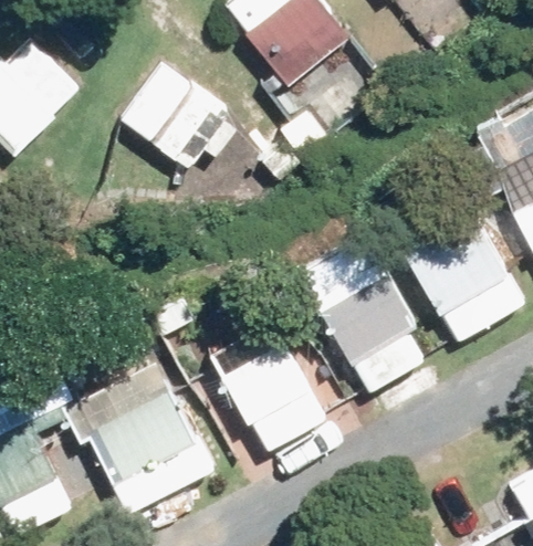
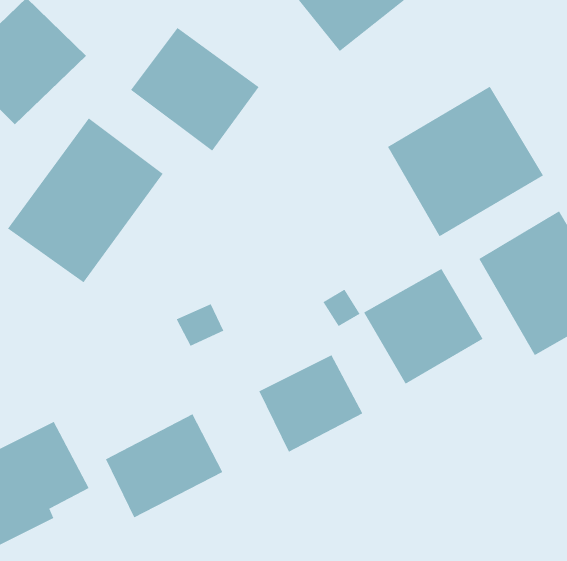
building: none -> [387,86,544,237]
building: none -> [7,117,163,283]

